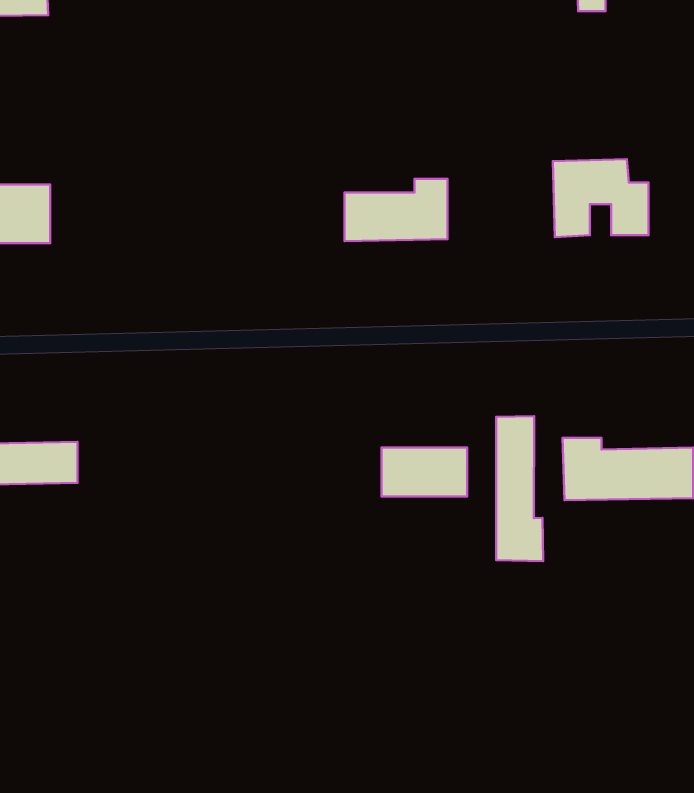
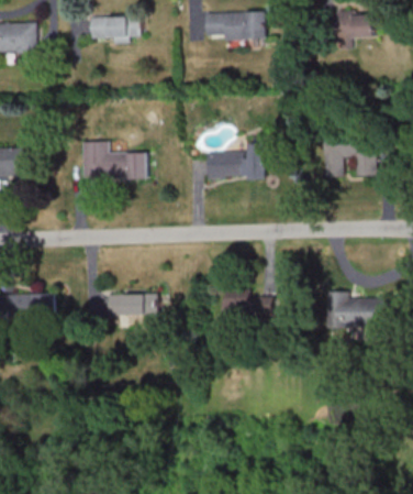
building: none -> [81,142,145,178]
building: [496,416,543,561] -> none
building: none -> [105,294,154,314]

